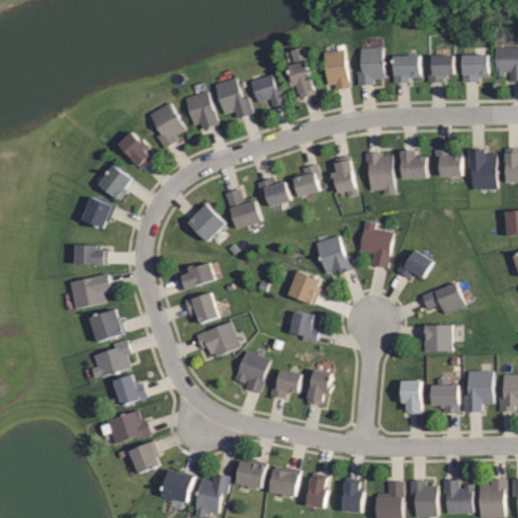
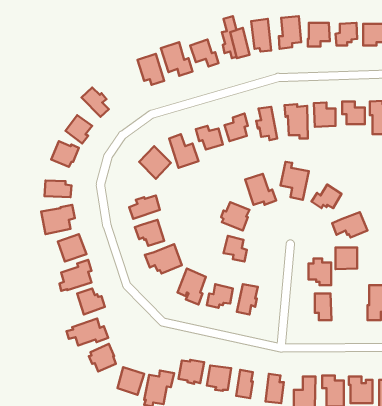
building: [150,101,185,148] -> none
building: [430,379,457,412] -> [309,258,331,285]

